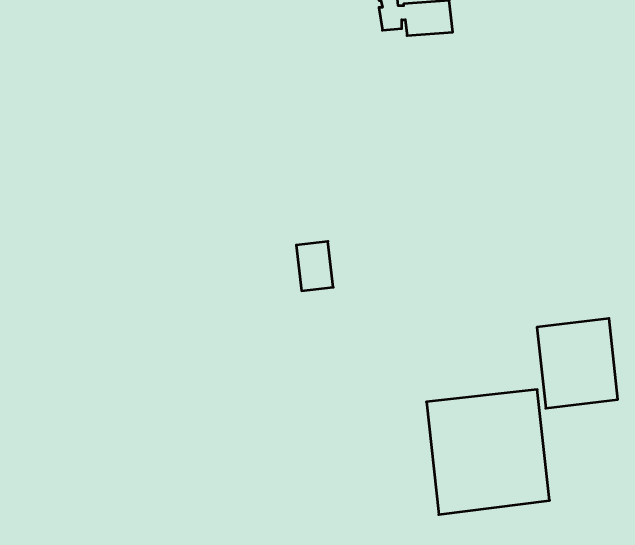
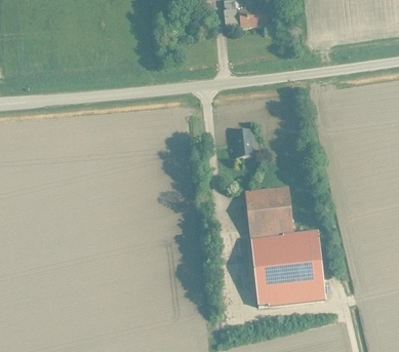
building: [296,241,333,291] -> [233,128,254,157]
building: [537,318,618,408] -> [246,186,293,238]

